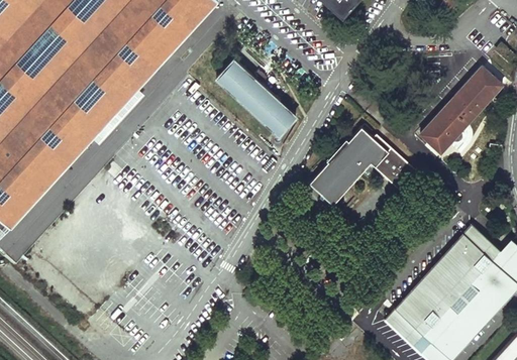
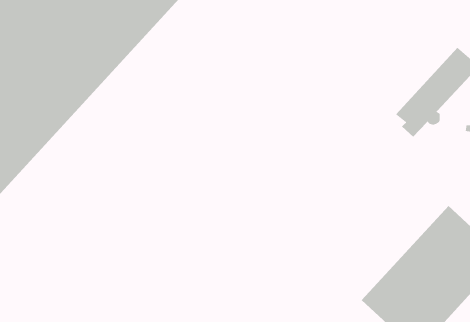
building: [214,57,293,133] -> none
building: [309,128,418,206] -> none

